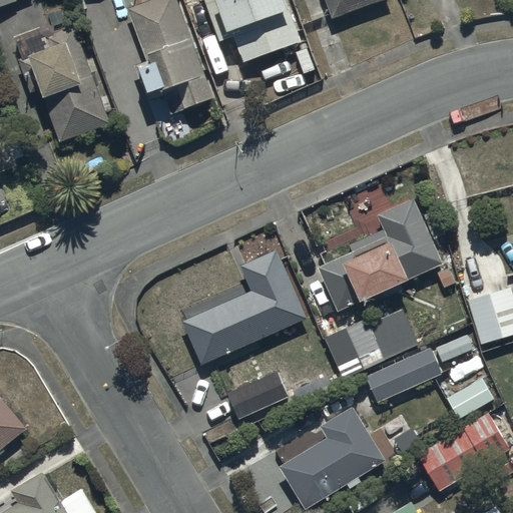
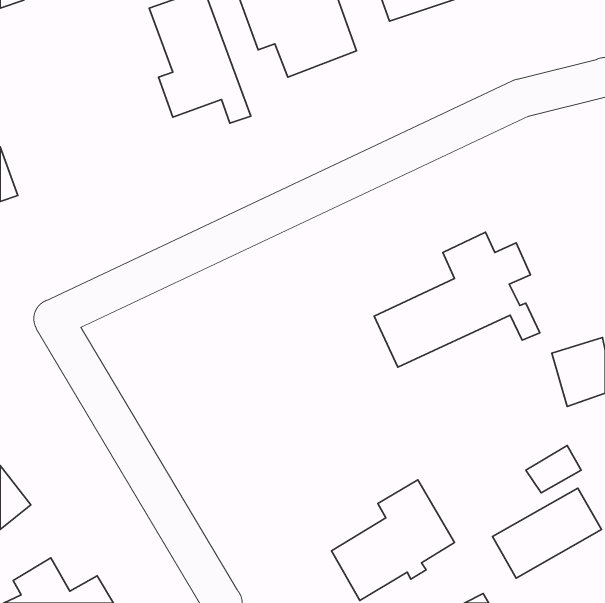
building: [25,25,113,144] -> none
building: [182,249,307,363] -> none
building: [324,309,418,378] -> none
building: [365,347,441,402] -> none
building: [227,371,288,417] -> none

